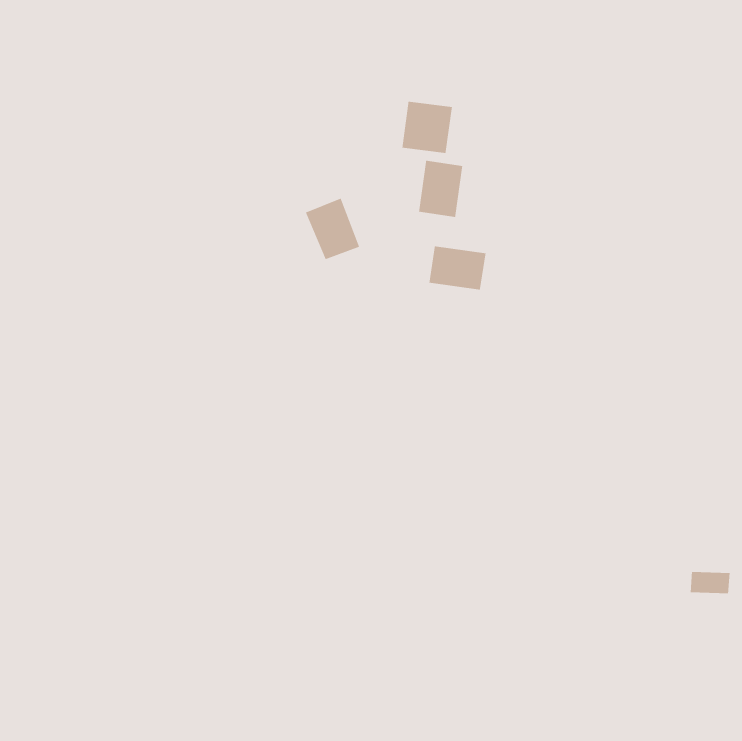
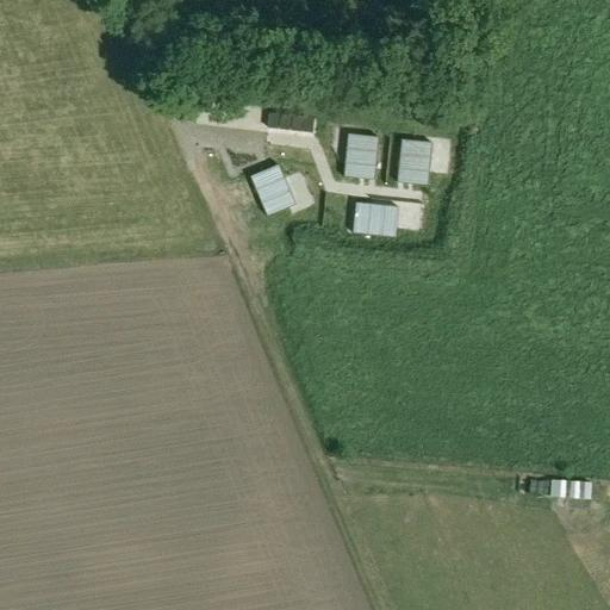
building: [401,101,453,154] -> none
building: none -> [397,139,434,186]

